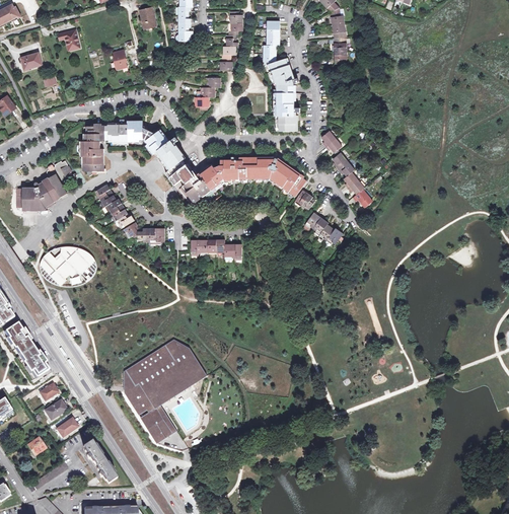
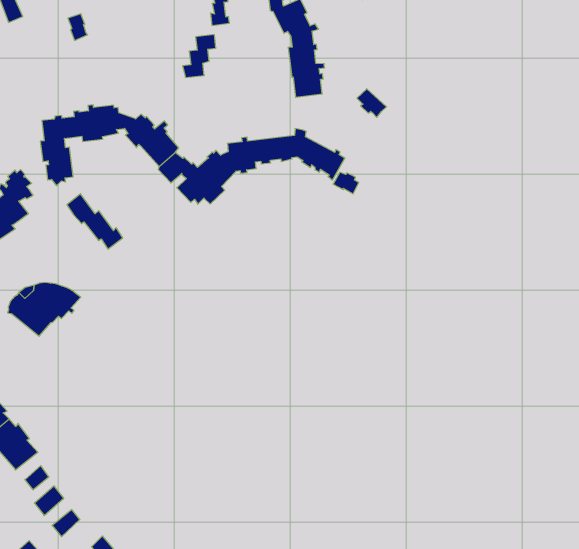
building: [332,152,369,204] -> none
building: [305,212,345,244] -> none
building: [124,222,164,241] -> none
building: [191,239,241,256] -> none
building: [124,339,207,442] -> none

